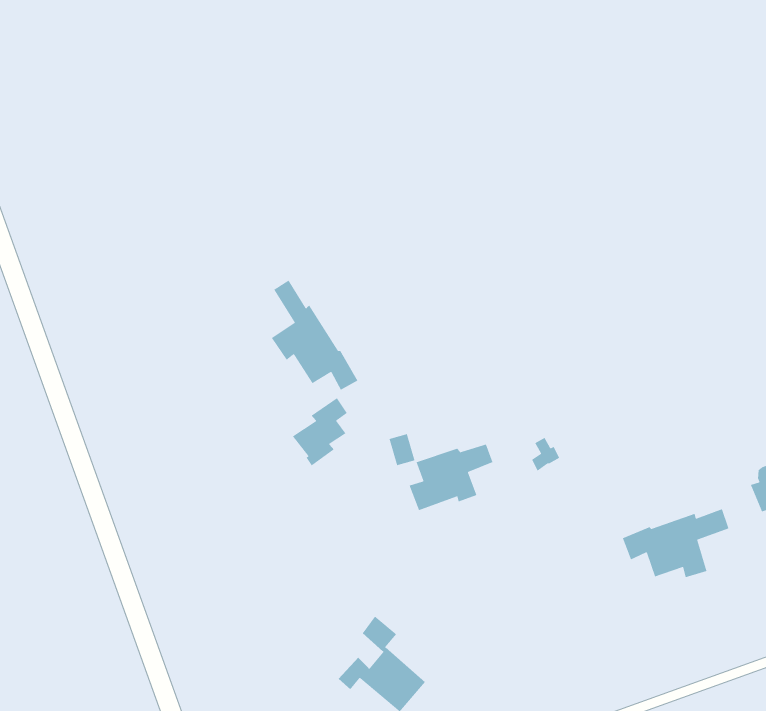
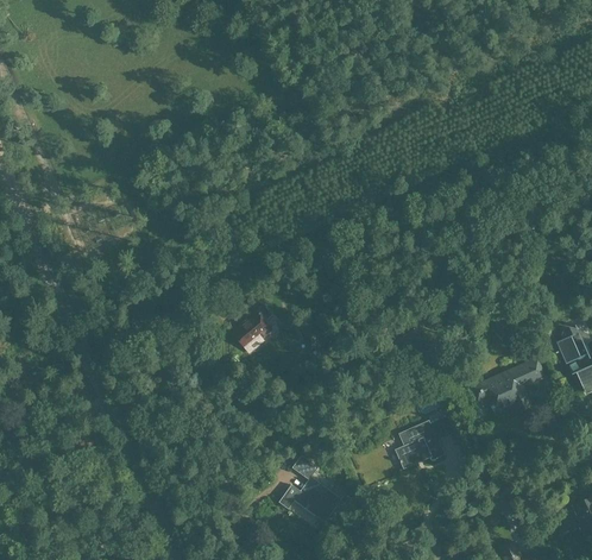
building: [271,279,358,391] -> none
building: [409,443,493,511] -> [395,417,453,468]

